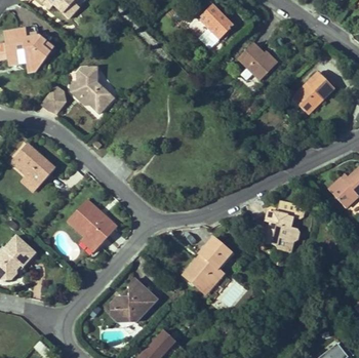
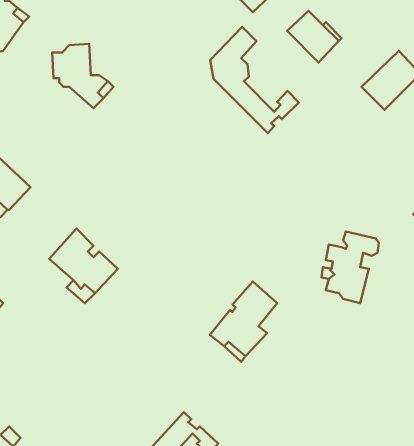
building: none -> [210,27,299,133]
building: [41,84,66,113] -> none
building: [111,278,157,322] -> none

